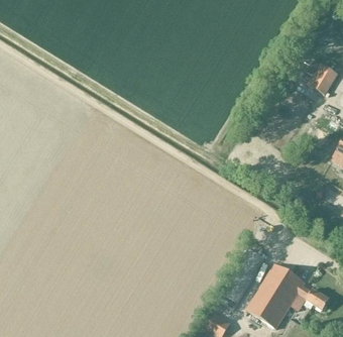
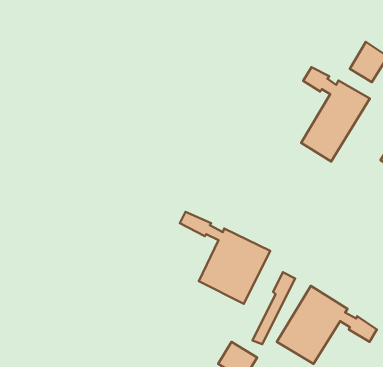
building: none -> [301,67,370,162]
building: none -> [180,212,270,304]

